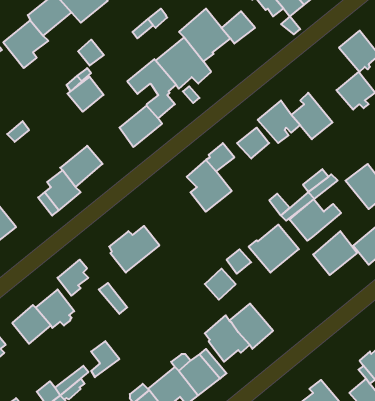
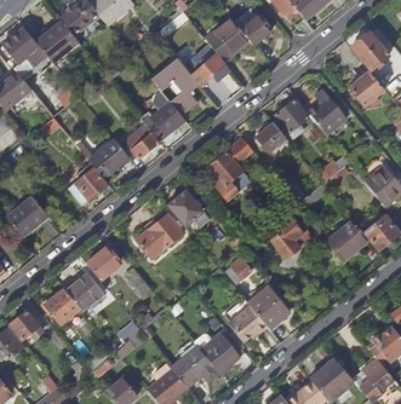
building: [67,77,104,112] -> [125,125,159,157]
building: [289,199,341,241] -> none
building: none -> [168,190,205,226]

